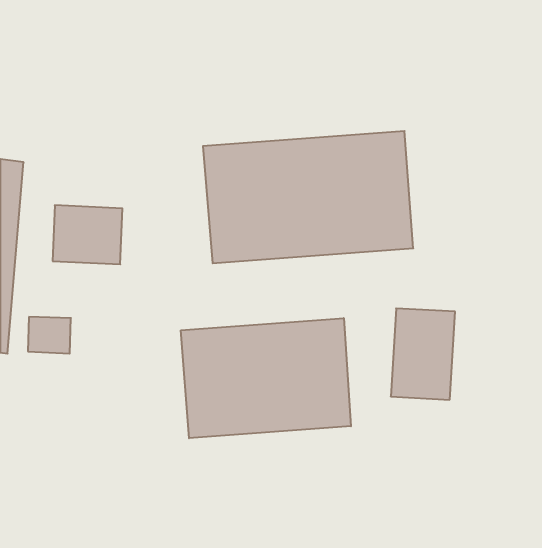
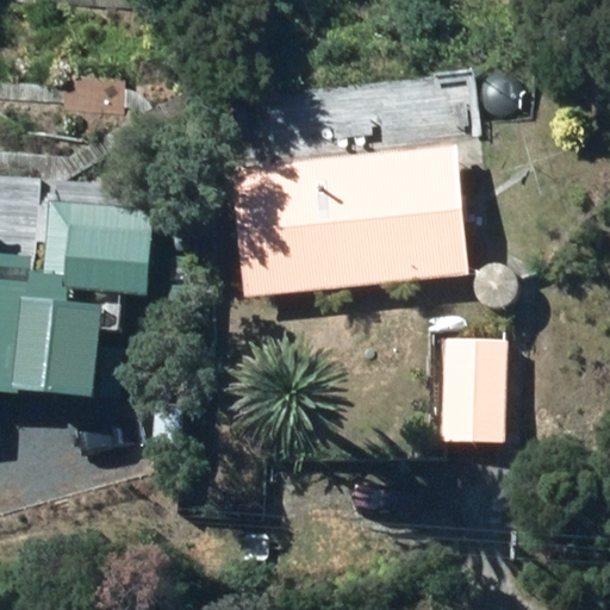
building: [181,318,351,438] -> none

